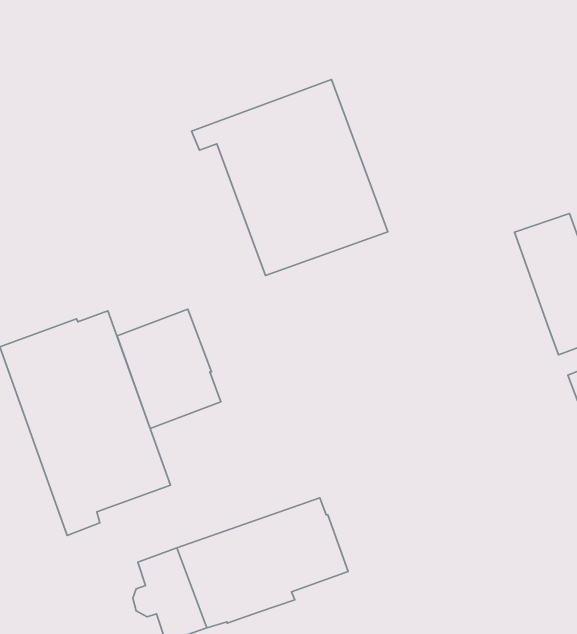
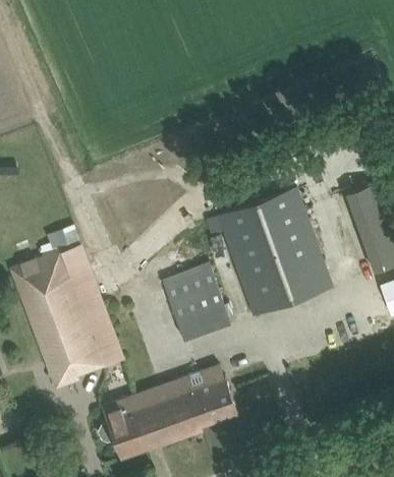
building: [192,79,388,276] -> [205,188,332,315]
building: [117,309,221,429] -> [162,263,229,341]

